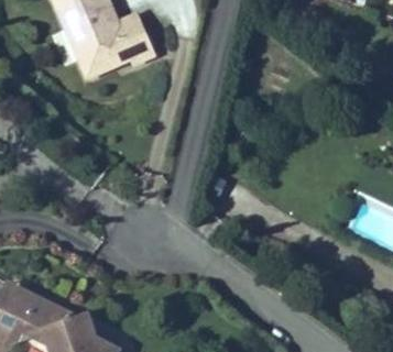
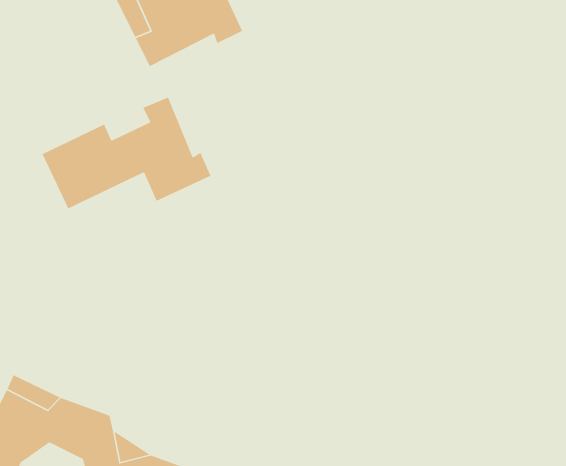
building: none -> [42,97,211,209]

